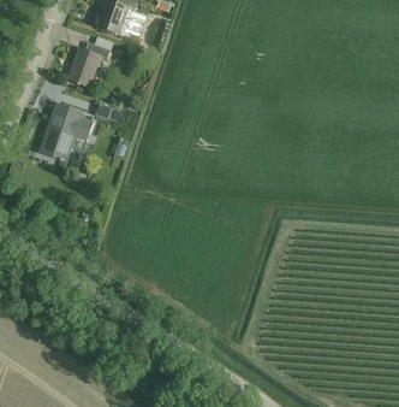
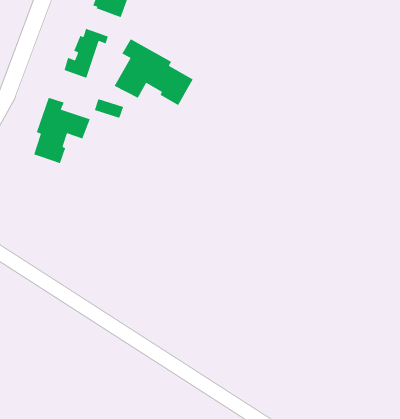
building: none -> [113,38,194,106]

